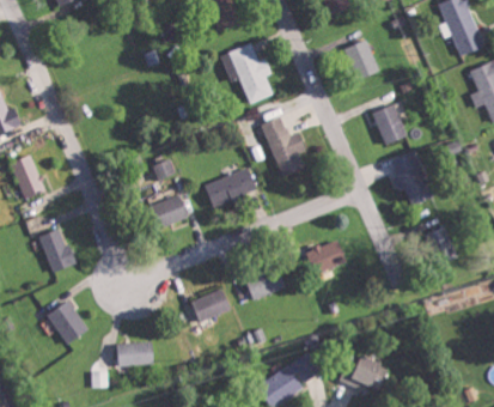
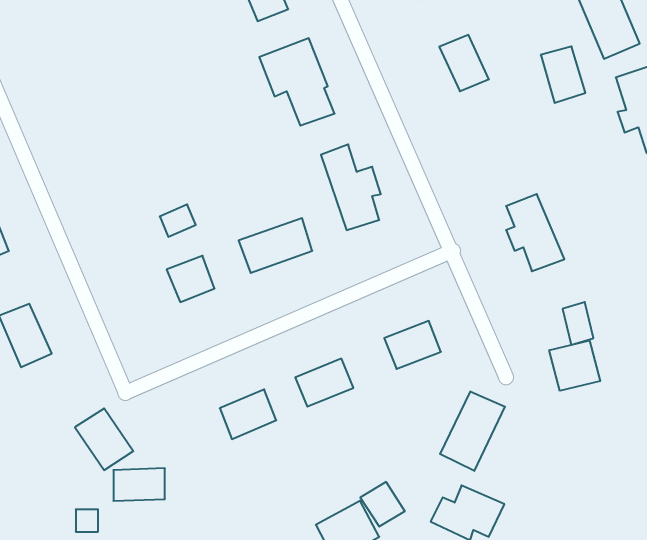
building: [373,104,404,144] -> [541,46,585,103]
building: none -> [549,341,600,391]
building: none -> [440,391,505,471]
building: [47,300,87,344] -> [75,408,133,470]

